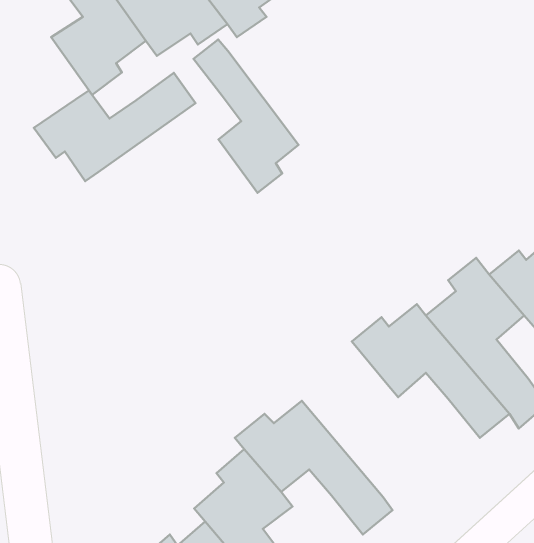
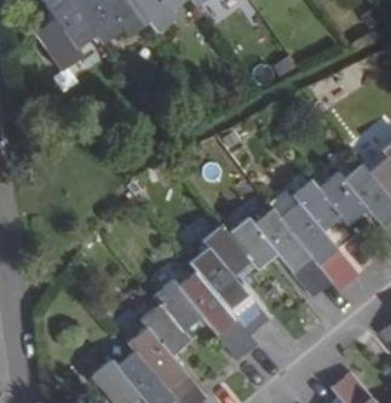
building: [194,40,298,193] -> none
building: [34,73,196,181] -> none
building: none -> [190,224,269,334]

